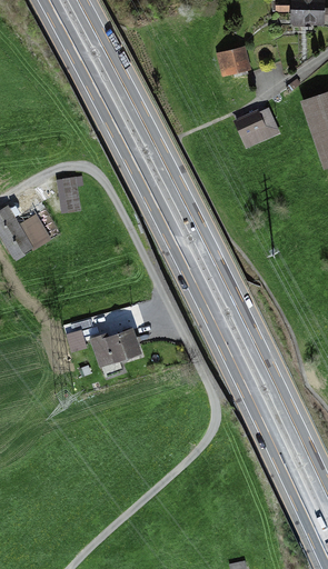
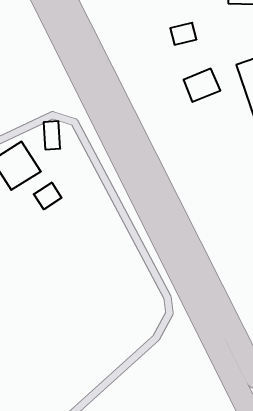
building: none -> [34,182,62,209]
building: [89,329,141,367] -> none

